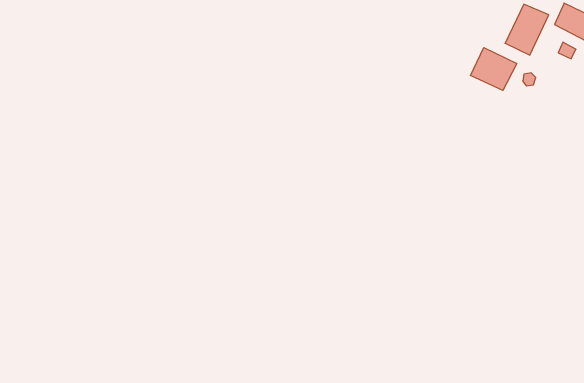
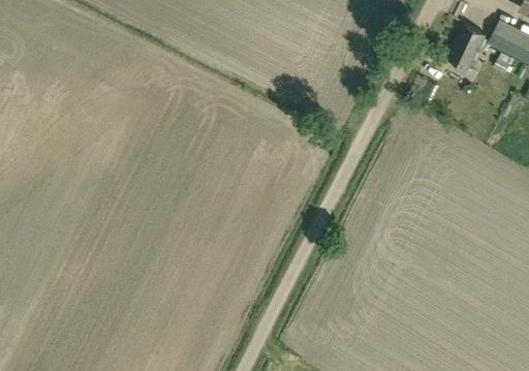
building: [471,48,517,90] -> none

